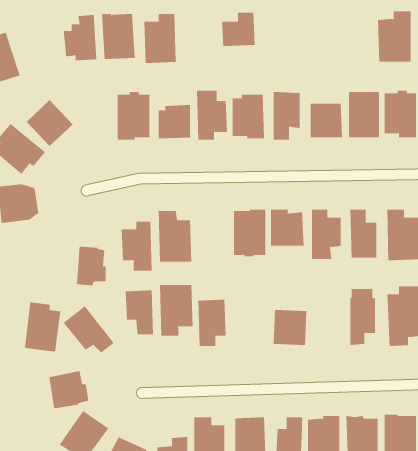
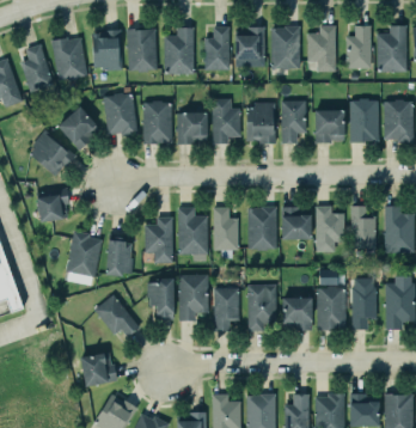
building: none -> [273,27,301,71]
building: none -> [308,27,337,73]
building: none -> [347,27,372,69]
building: none -> [204,29,231,72]
building: none -> [53,38,88,81]
building: none -> [105,94,136,136]
building: none -> [214,208,239,251]
building: none -> [243,280,275,331]
building: none -> [318,288,347,330]
building: [24,302,61,352] -> [68,232,102,277]

